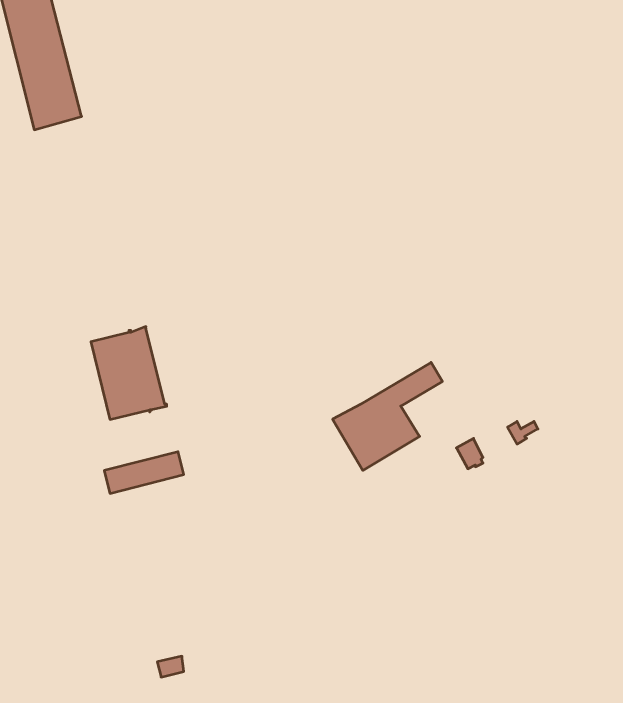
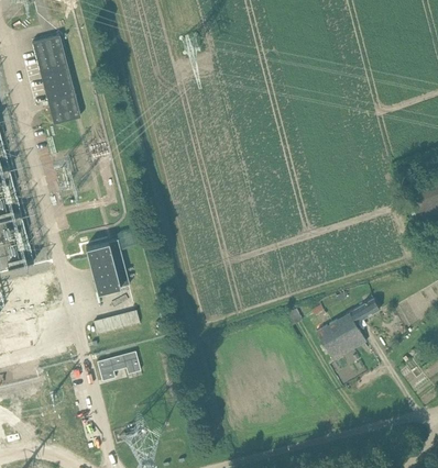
building: [333,362,442,470] -> [316,298,380,360]
building: none -> [98,350,141,380]

